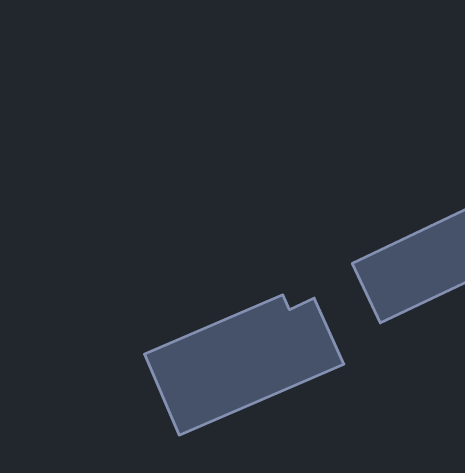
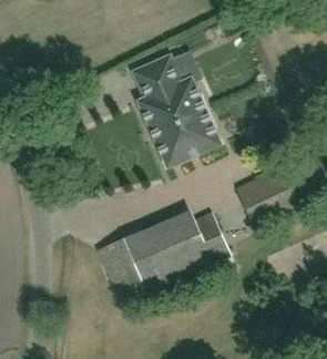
building: none -> [134,55,222,167]

